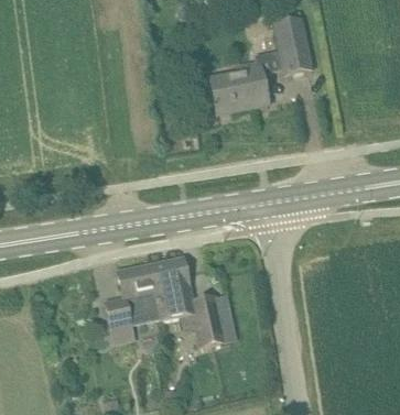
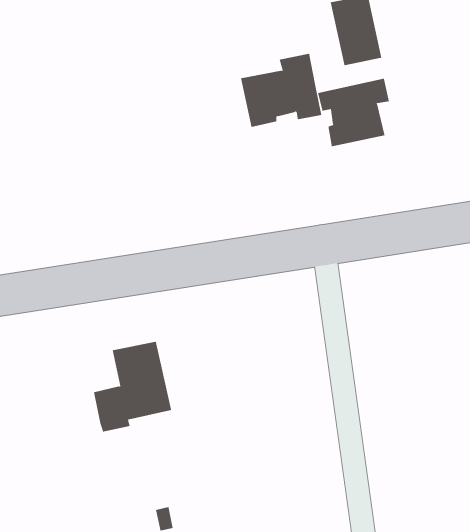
building: none -> [318,78,389,147]
building: [152,258,226,346] -> none

